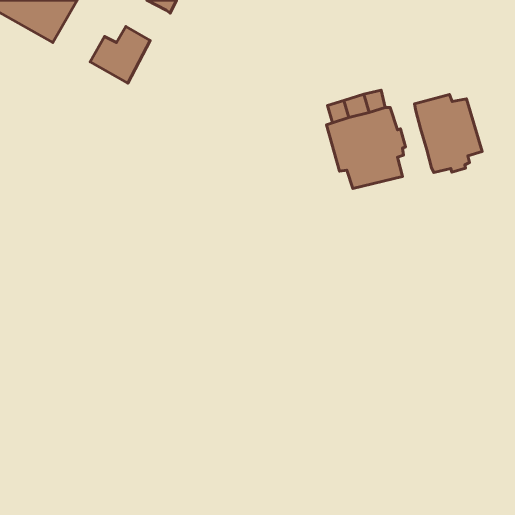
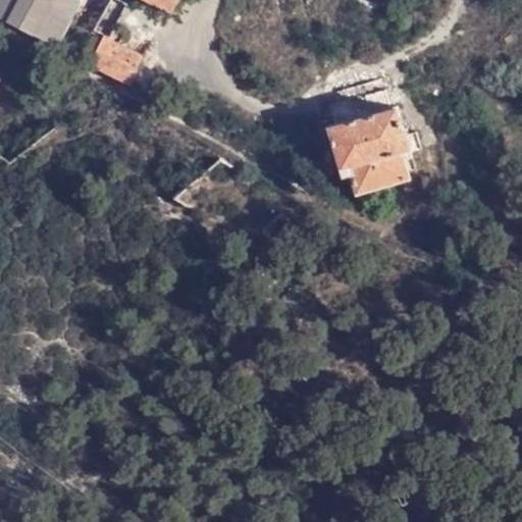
building: [414,94,482,172] -> none

